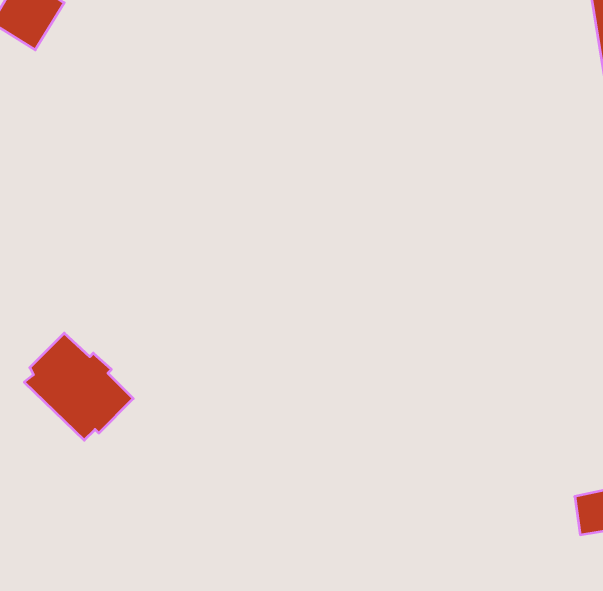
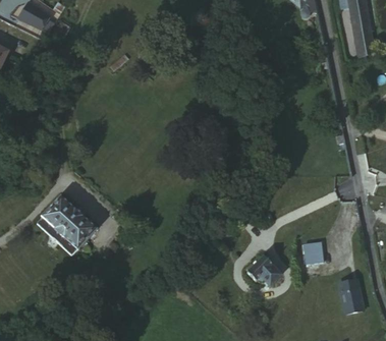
building: none -> [306,242,325,264]
building: none -> [253,255,285,287]

